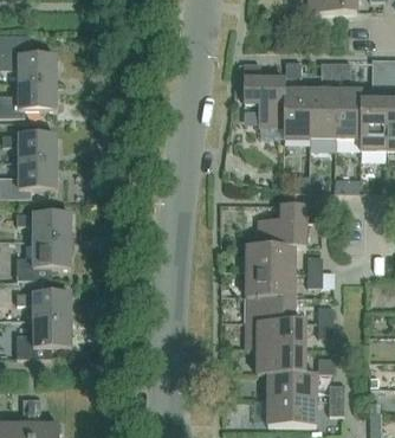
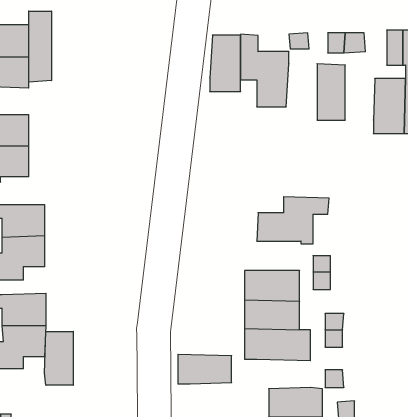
building: none -> [29,11,51,82]
building: [283,88,310,137] -> [210,35,241,92]
building: [335,89,361,137] -> none
building: [246,244,296,270] -> none
building: none -> [45,331,73,385]
building: [257,348,304,374] -> [178,354,232,384]

